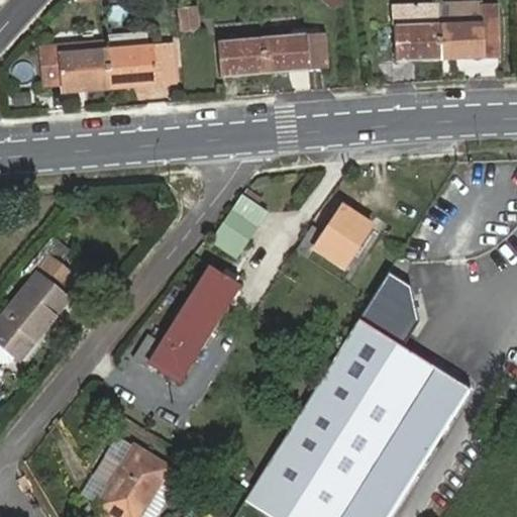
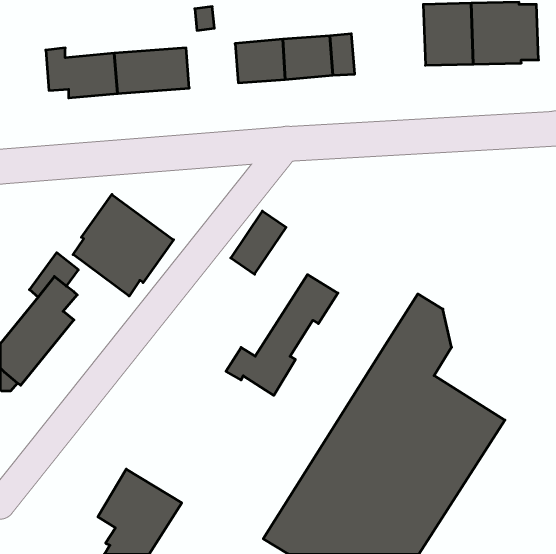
building: none -> [73,194,174,296]
building: [315,204,372,266] -> none
building: [134,268,238,380] -> [226,275,338,395]

